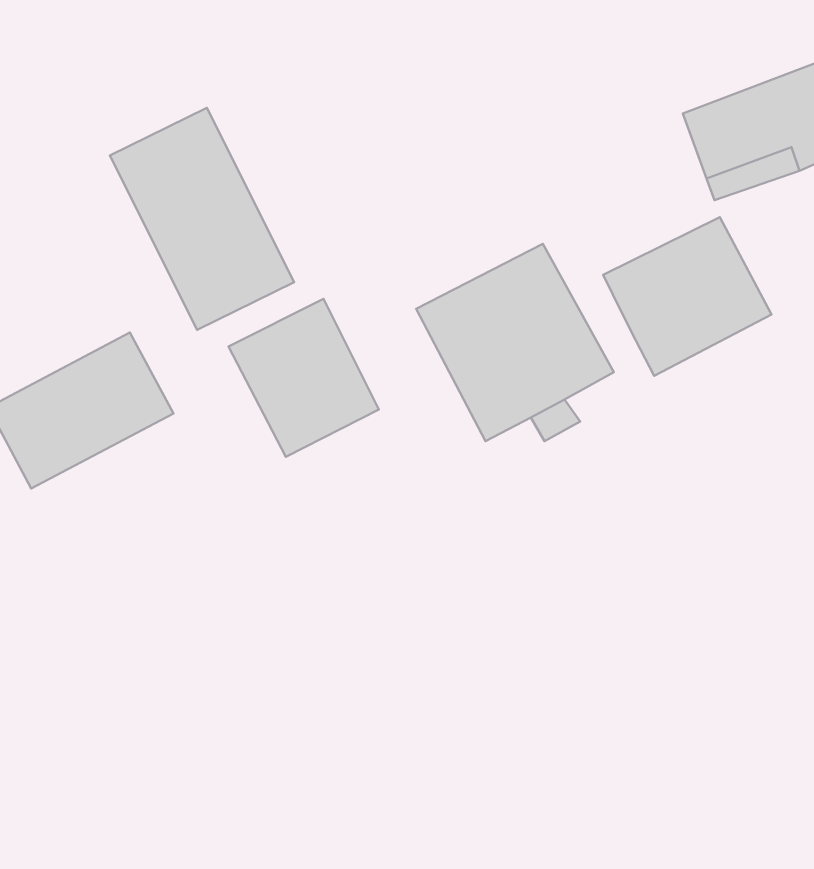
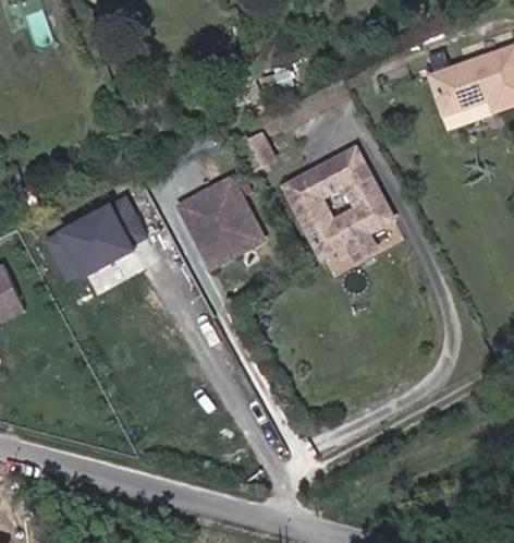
building: [110,108,294,330] -> none
building: [603,217,771,376] -> none

